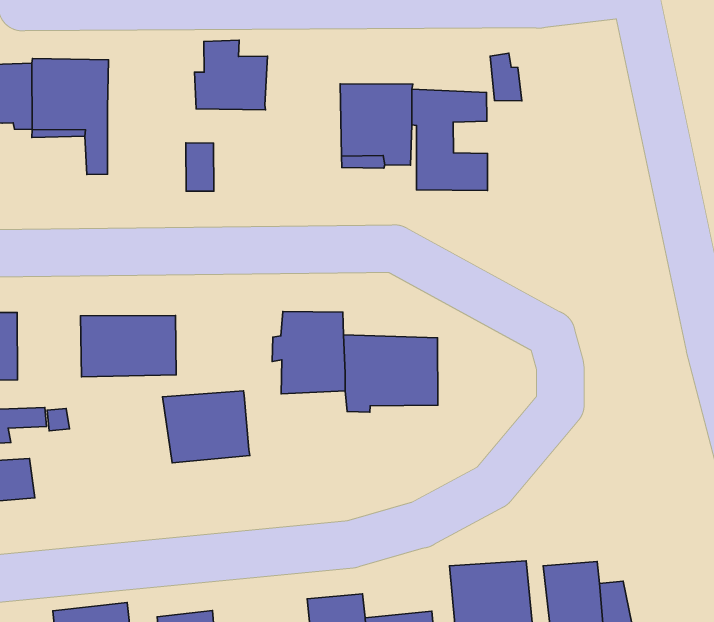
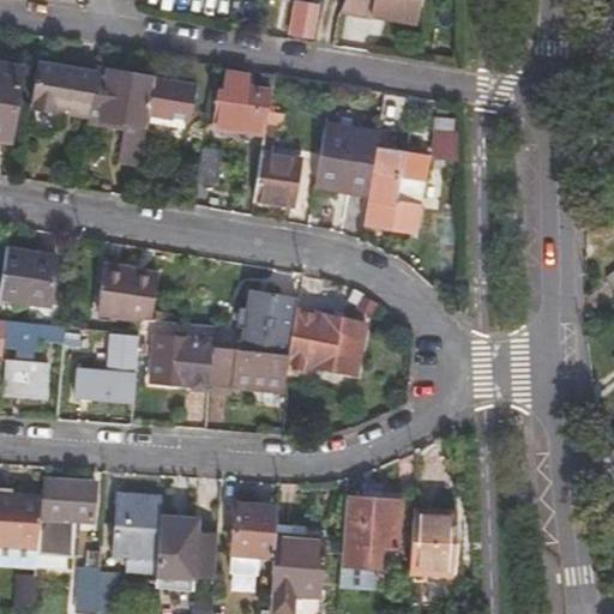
building: none -> [148,77,195,120]
building: none -> [254,131,301,204]
building: none -> [209,344,288,391]
building: none -> [71,332,137,399]

